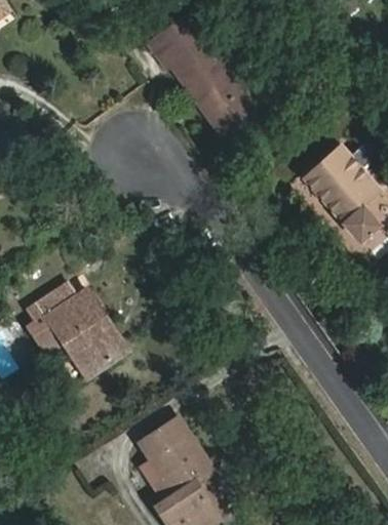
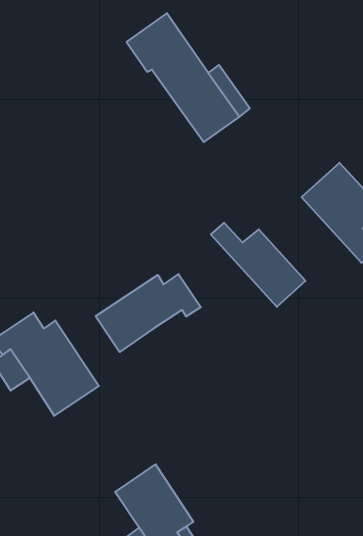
building: none -> [211,223,305,307]
building: none -> [96,274,201,352]

